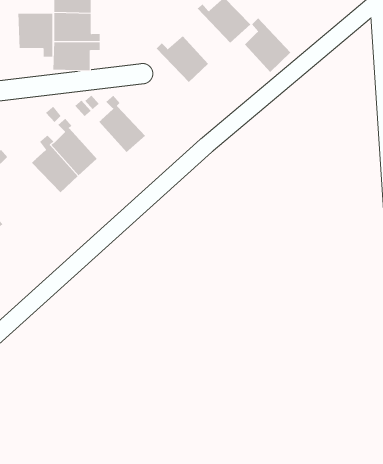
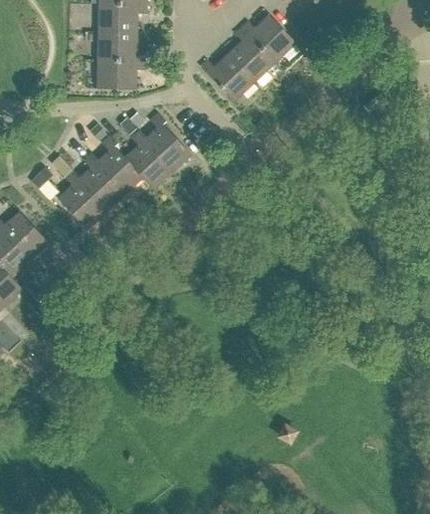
building: [18,13,53,57] -> none
building: [244,18,291,73] -> [227,26,274,81]
building: none -> [124,130,171,188]
building: none -> [57,170,104,228]

